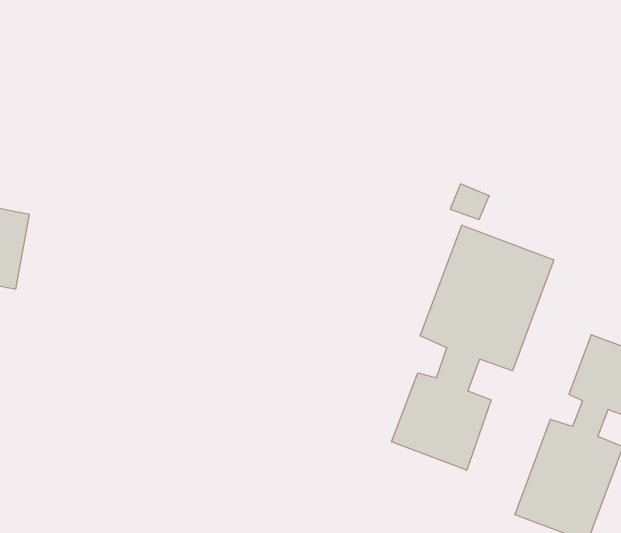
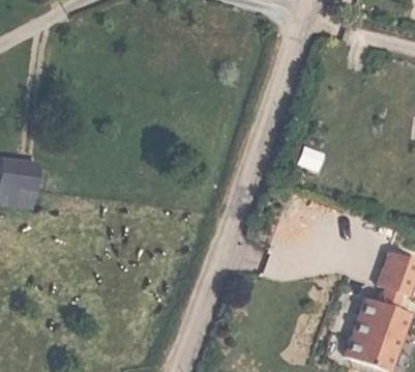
building: [392,225,554,470] -> none

